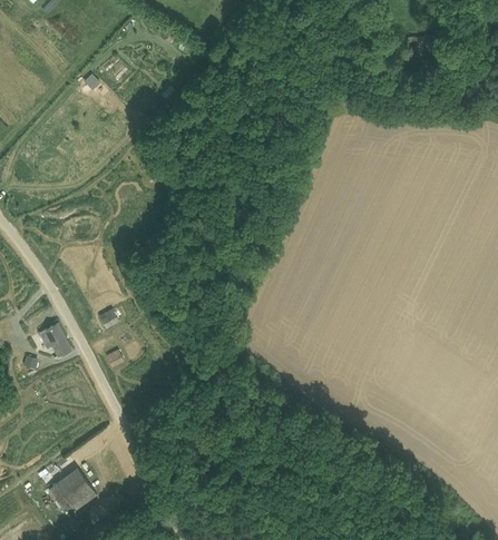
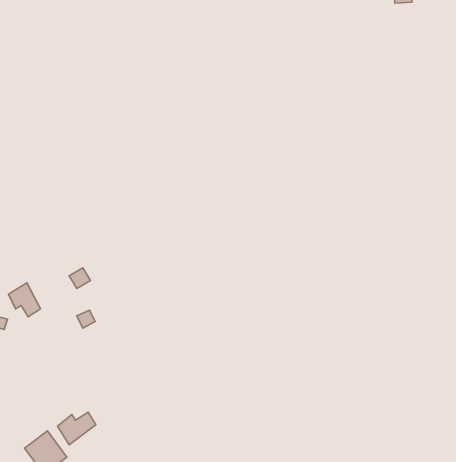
building: none -> [58,412,96,445]

